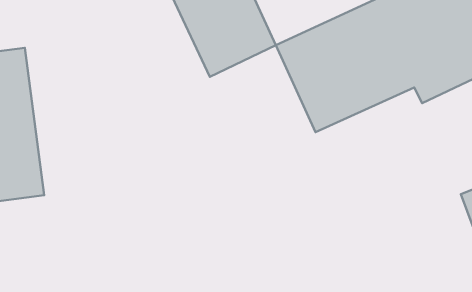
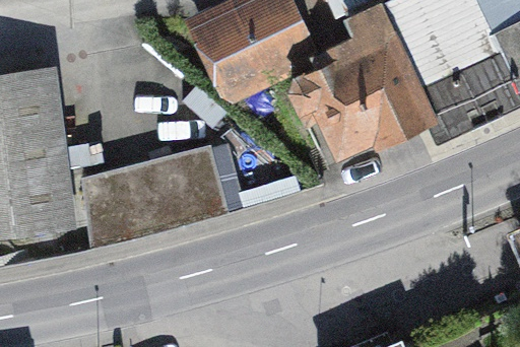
building: none -> [84,147,226,249]

